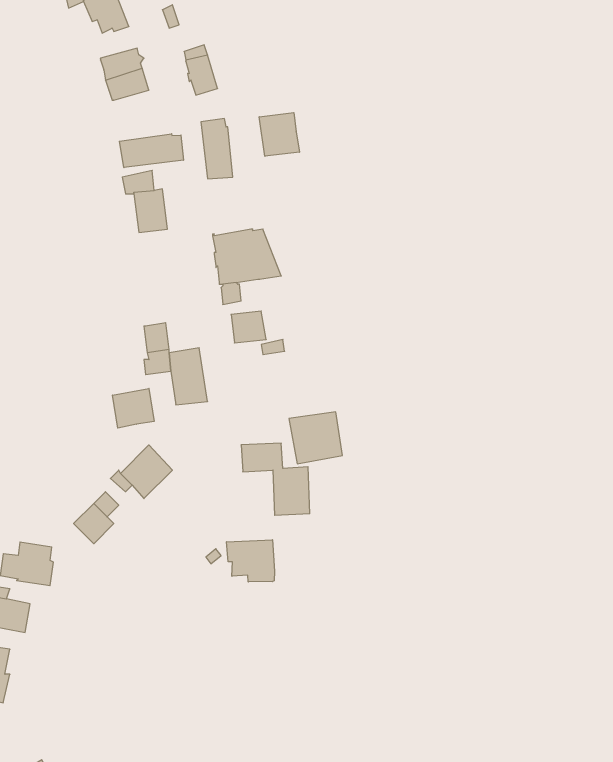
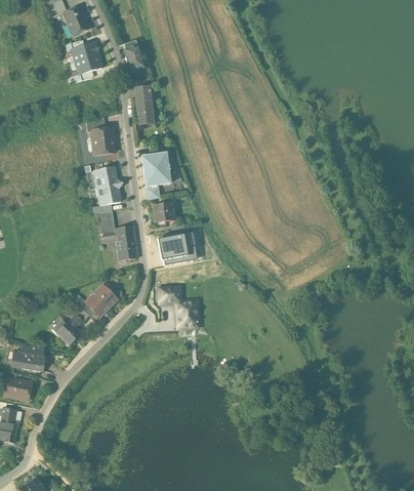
building: [259,113,299,156] -> none
building: [119,134,183,168] -> none
building: none -> [93,167,122,205]
building: [113,388,154,428] -> none
building: [289,412,342,464] -> [159,234,192,265]
building: [227,540,275,582] -> none

